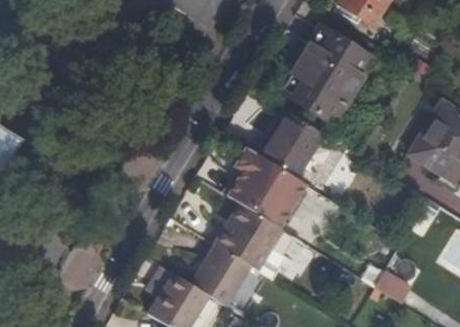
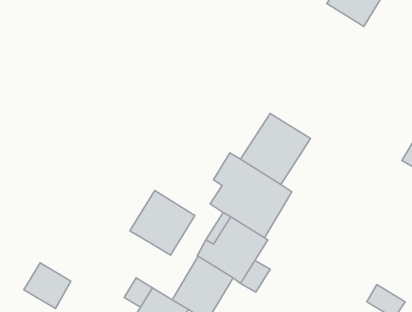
building: [279,25,373,124] -> none
building: none -> [130,191,195,255]

